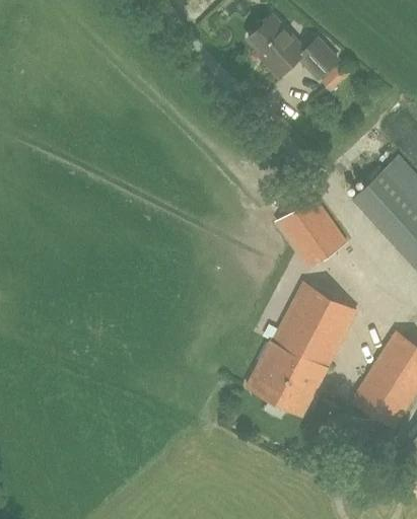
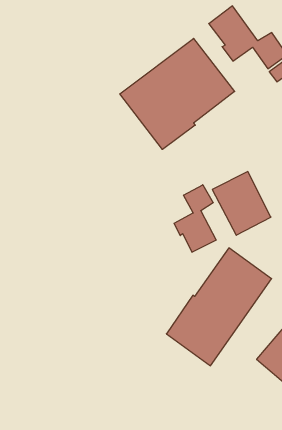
building: none -> [120,38,235,149]
building: none -> [174,185,216,252]

